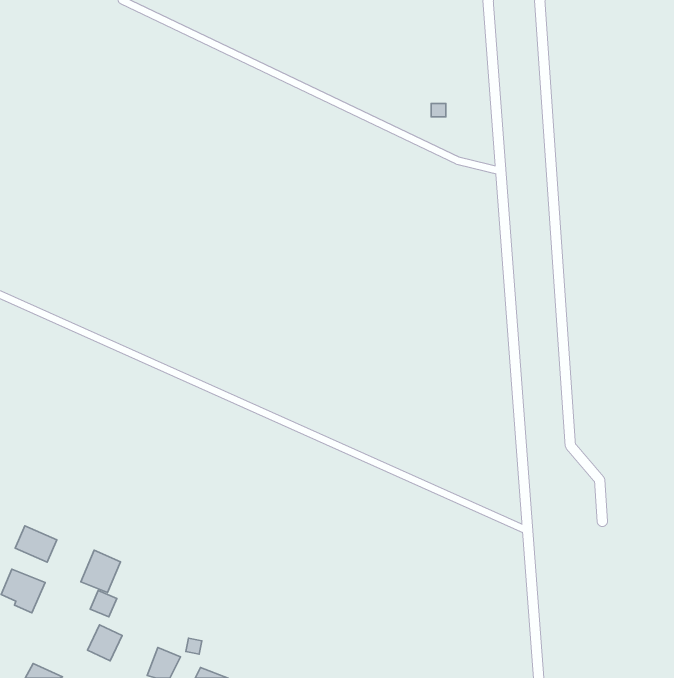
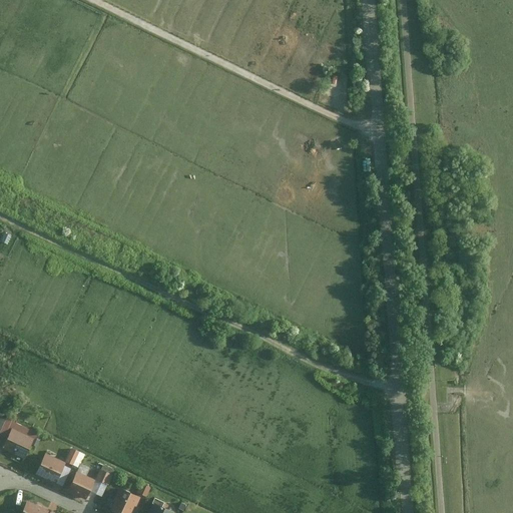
building: [15,526,57,562] -> none
building: [81,550,121,592] -> [36,453,66,485]

